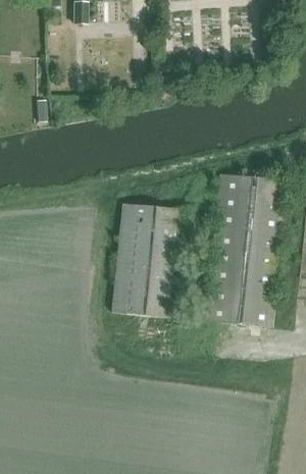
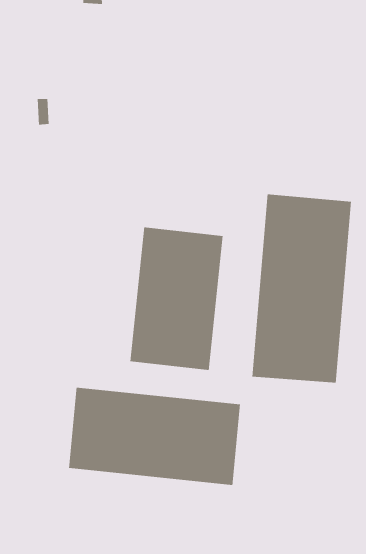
building: none -> [68,387,241,486]

